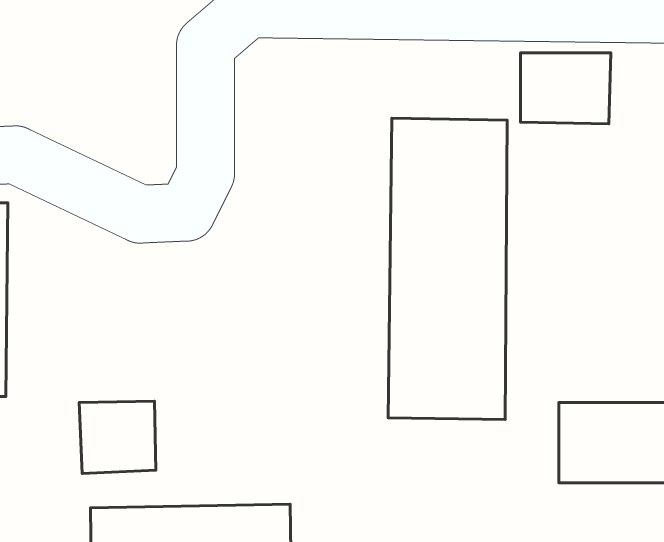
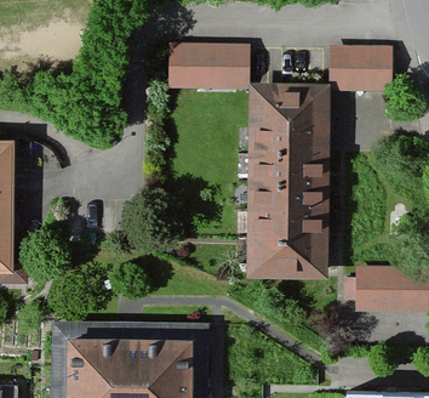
building: none -> [173,47,251,96]
building: [79,401,156,473] -> none

